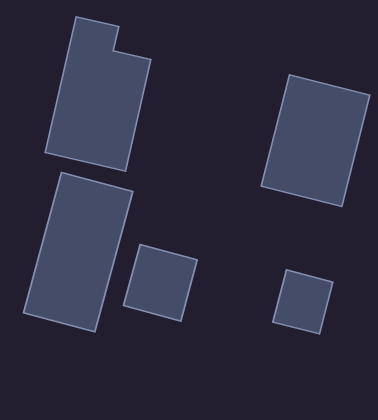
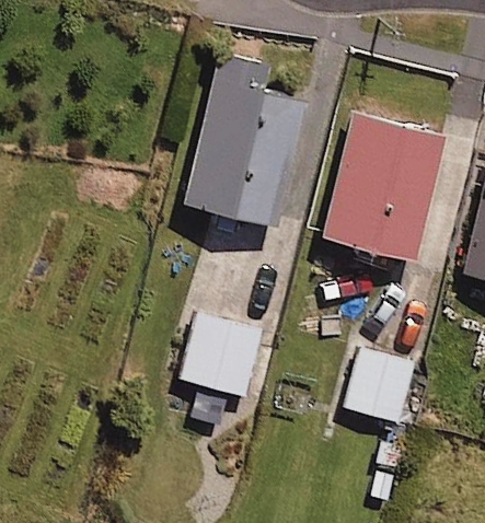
building: [45,17,151,171] -> [186,55,305,229]
building: [24,172,133,332] -> none

